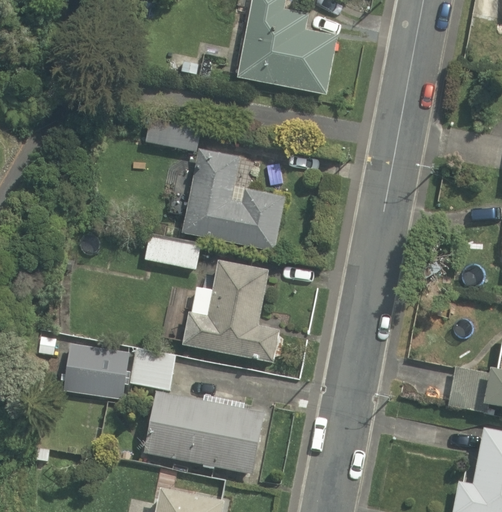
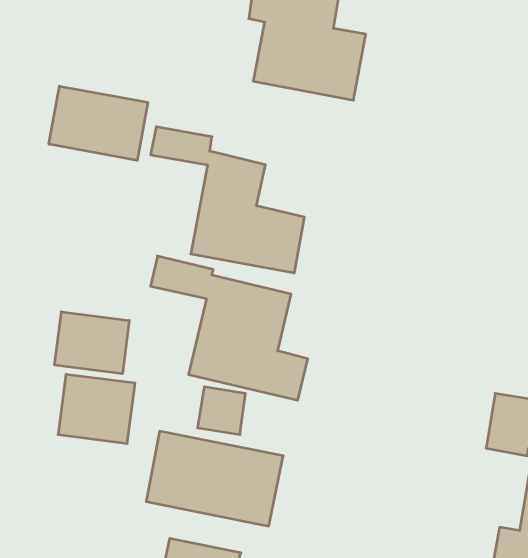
building: none -> [49,86,148,160]
building: none -> [55,312,129,374]
building: [134,346,177,389] -> [198,387,245,435]

